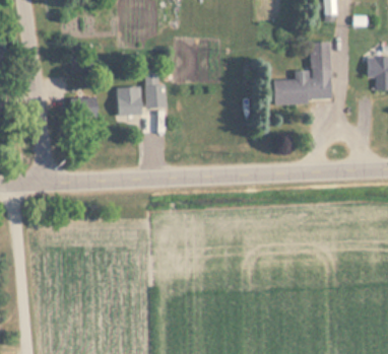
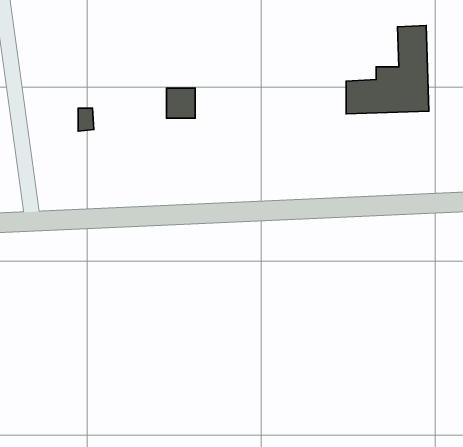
building: [117,87,141,117] -> none

